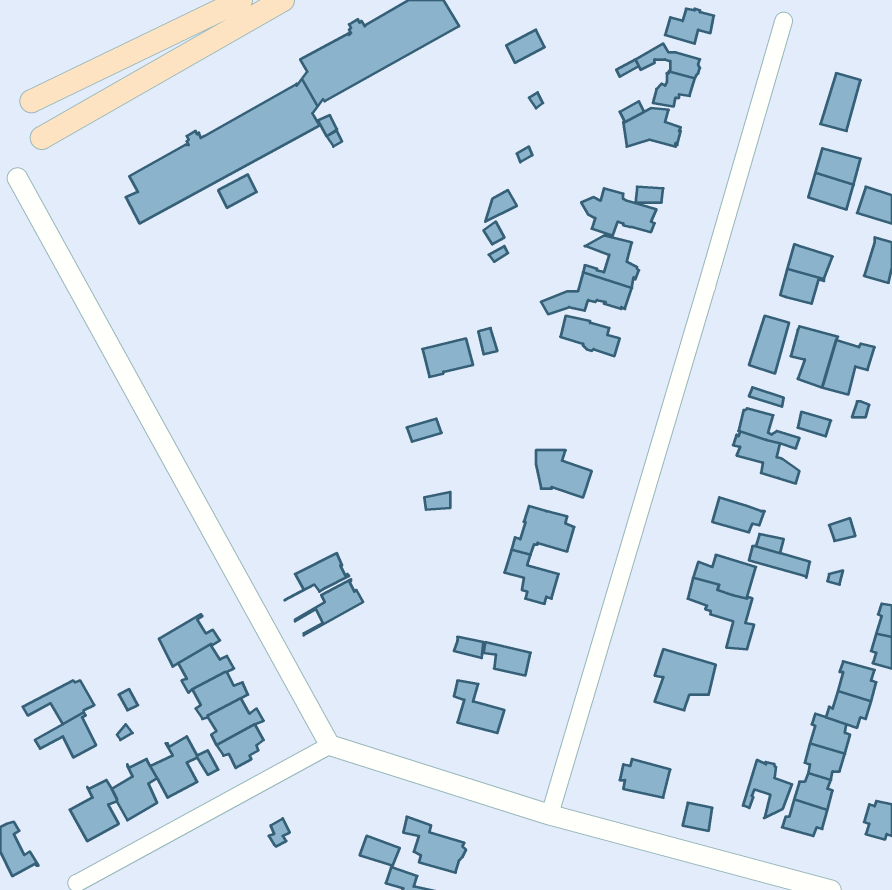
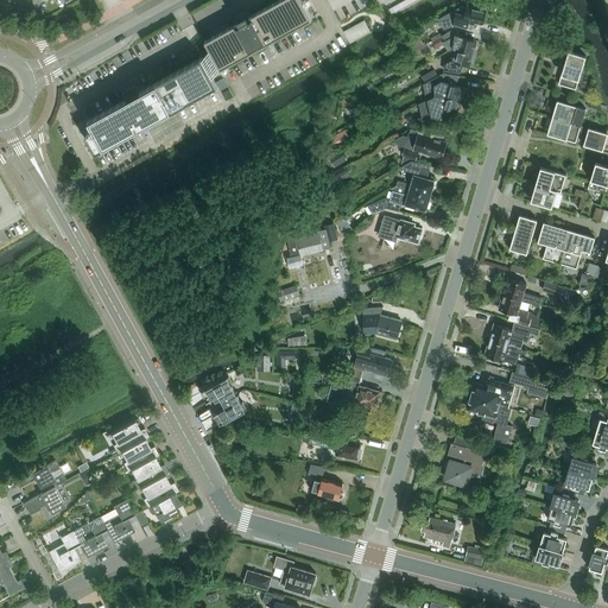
building: none -> [419,96,460,121]
building: none -> [489,323,530,349]
building: [743,760,792,818] -> none

